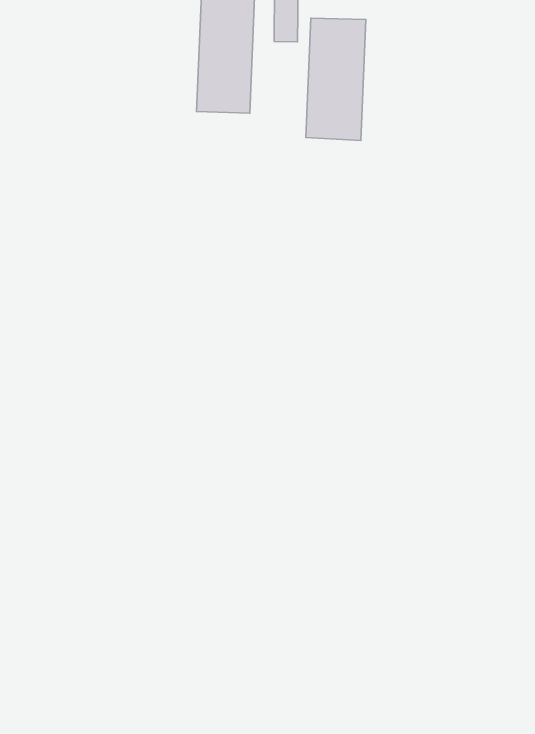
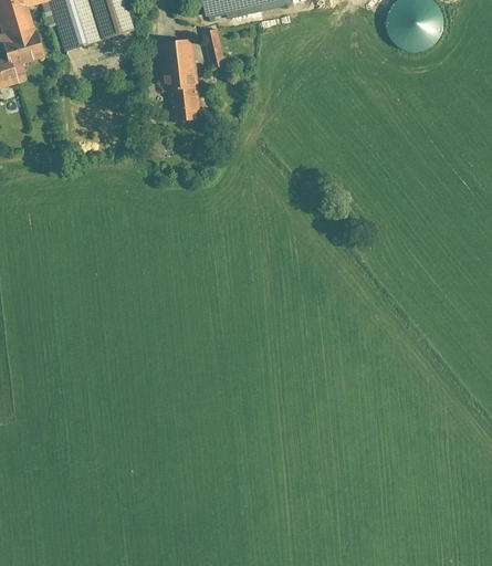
building: [306,18,366,140] -> none

